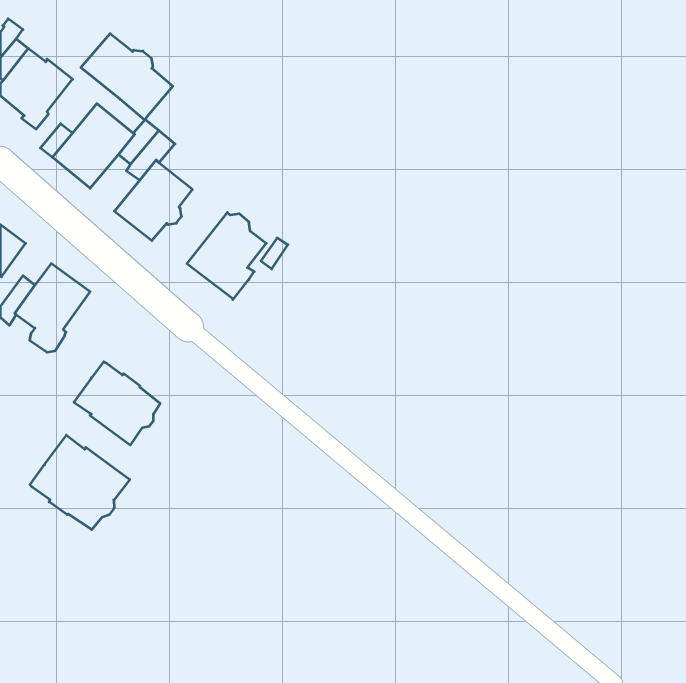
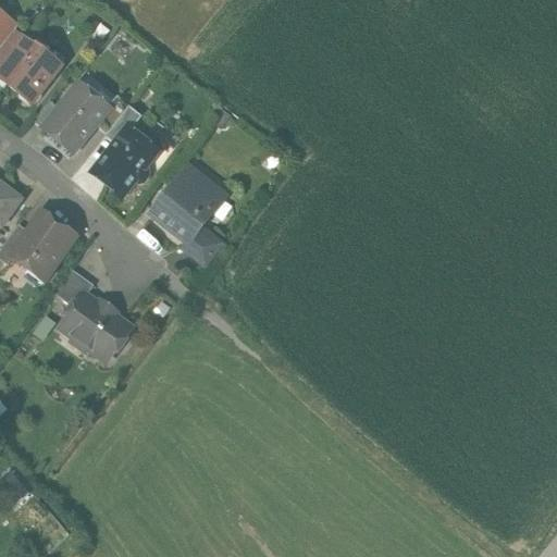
building: [81,34,173,120] -> none
building: none -> [184,226,222,264]
building: none -> [55,269,95,306]
building: [30,435,130,530] -> none

